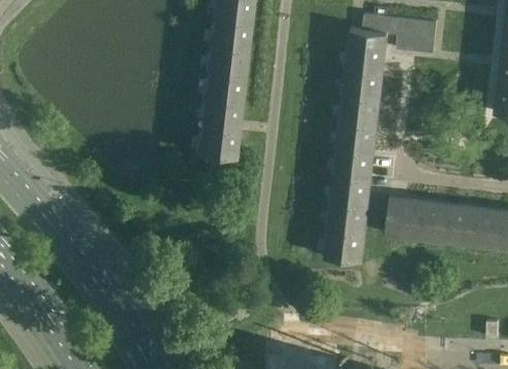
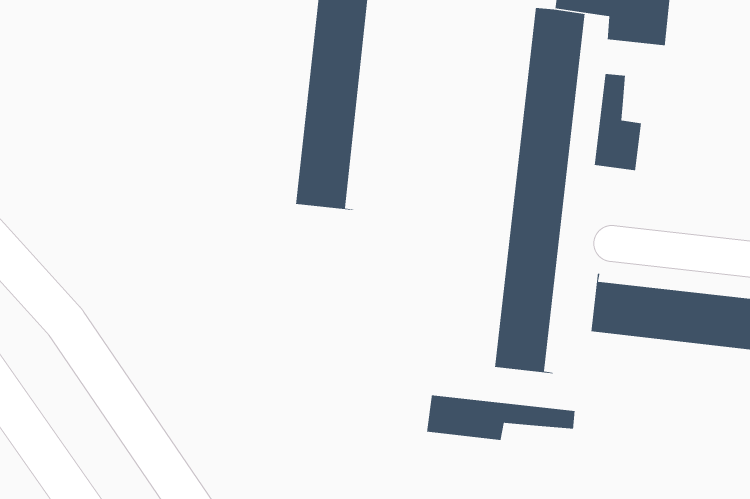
building: none -> [594,73,642,171]
building: none -> [426,394,575,441]

